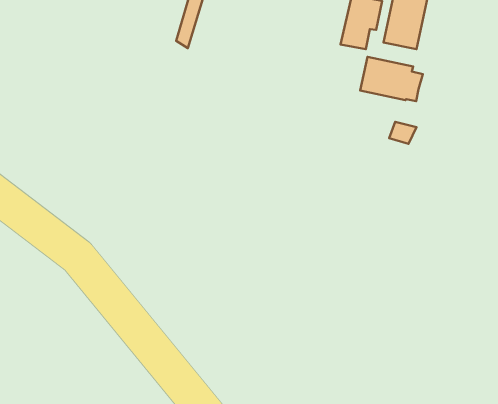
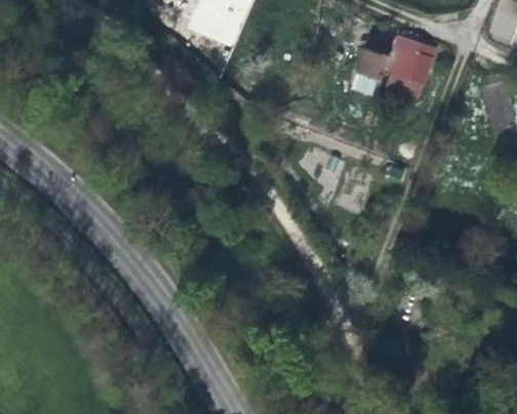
building: [360,57,423,101] -> none

